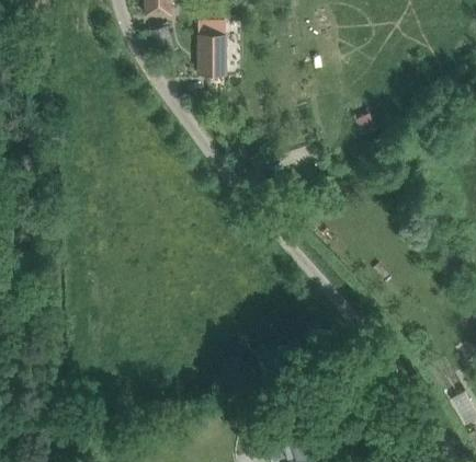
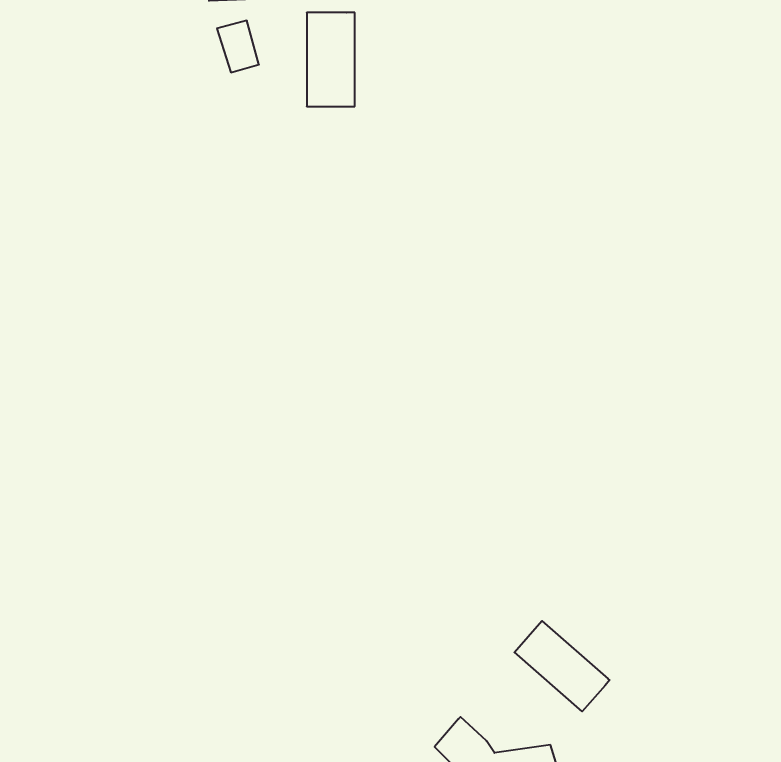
building: none -> [514,621,610,711]

